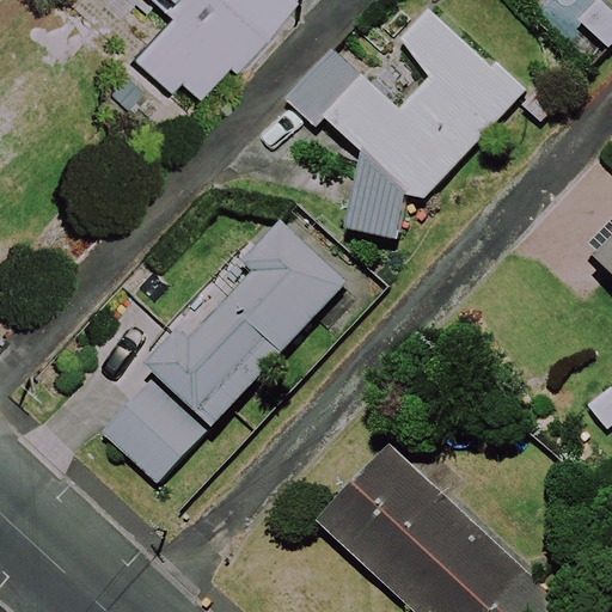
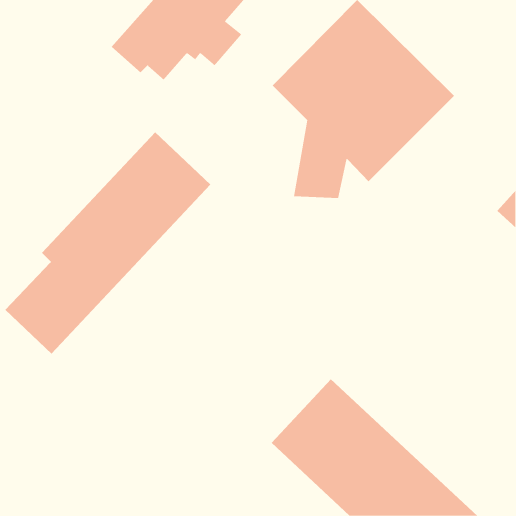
building: [100,221,343,483] -> [5,132,211,354]

